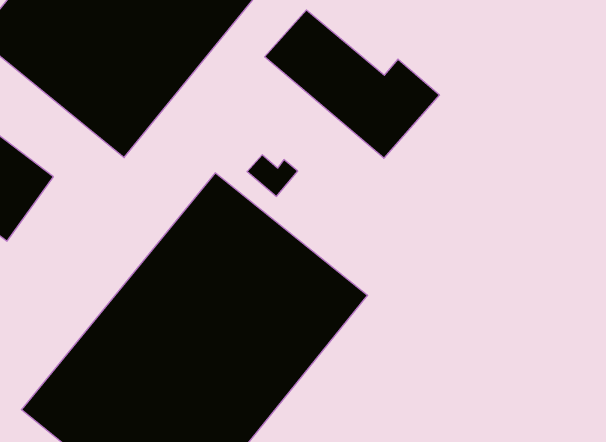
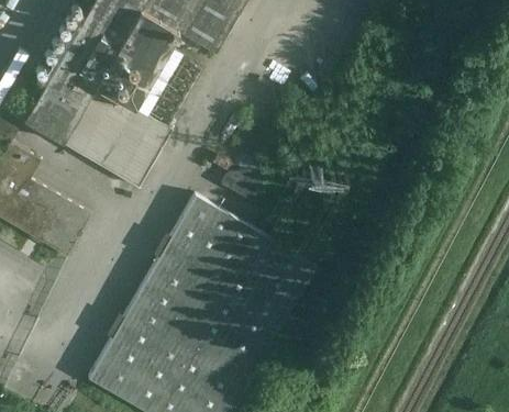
building: [265,10,439,158] -> none

